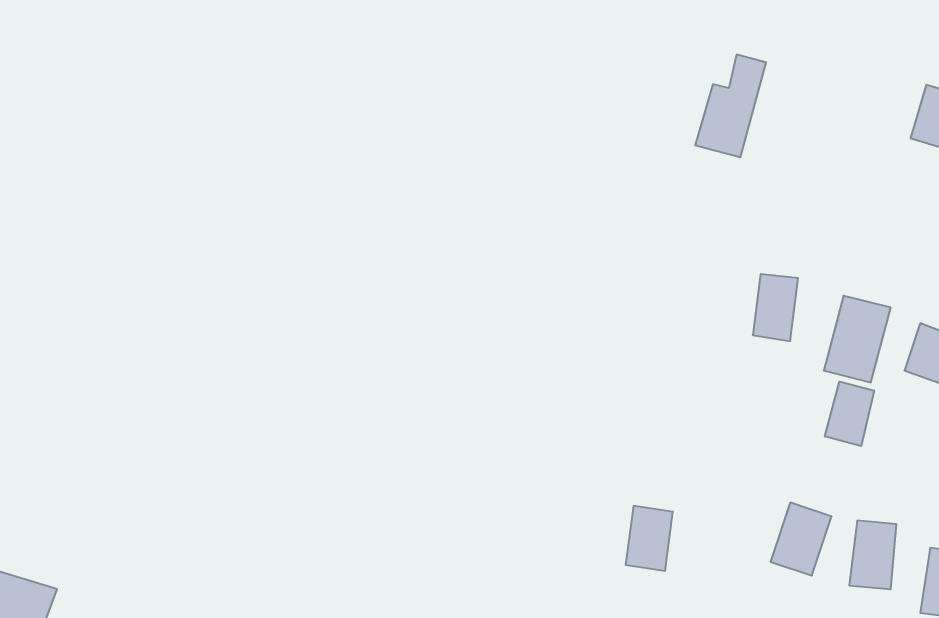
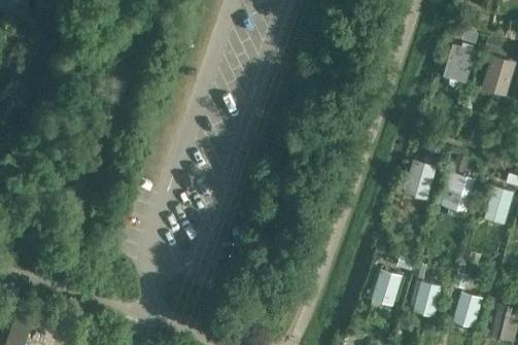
building: [695,55,766,157] -> [443,31,480,84]
building: [825,382,874,446] -> none
building: [626,506,673,571] -> [372,270,396,304]

